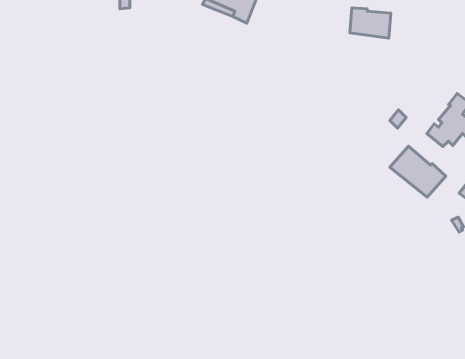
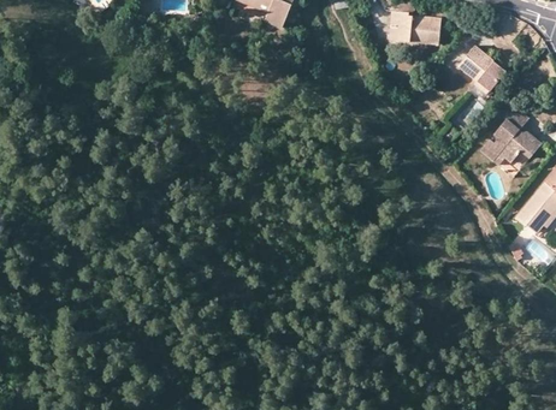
building: none -> [459,44,505,91]
building: [390,146,446,197] -> none

